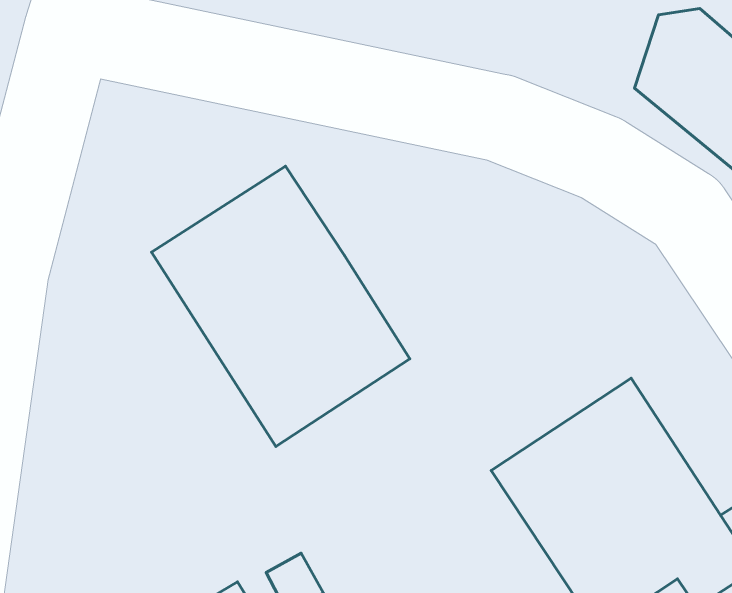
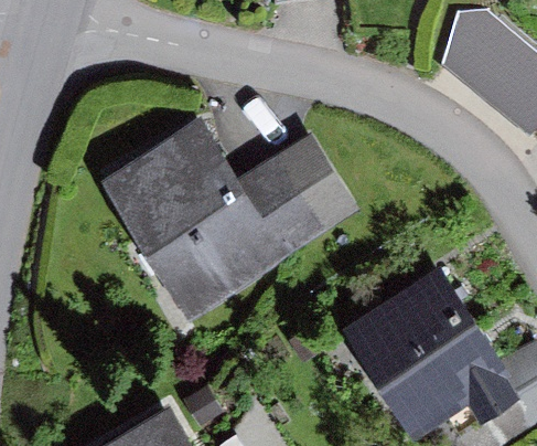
building: none -> [239,132,359,252]

